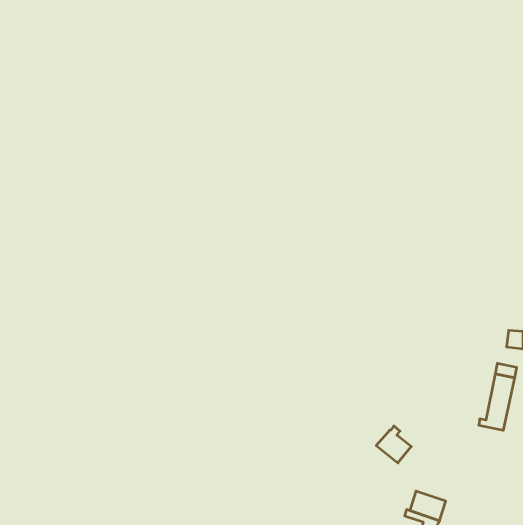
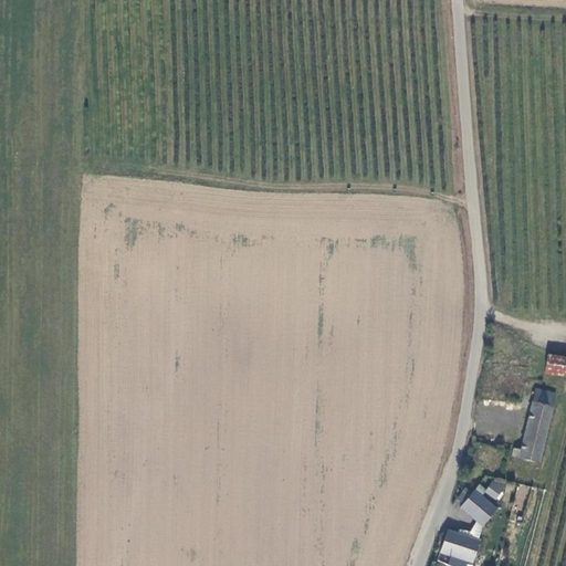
building: [376,426,411,463] -> [463,481,501,521]

